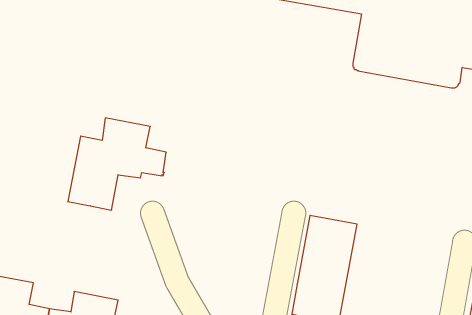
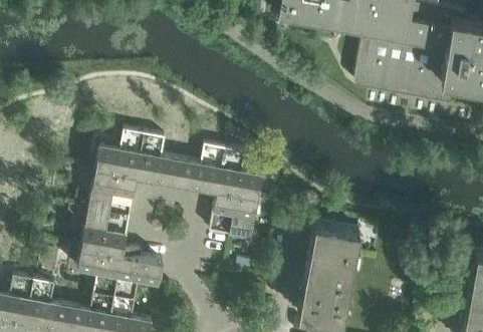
building: none -> [177,144,262,238]
building: none -> [77,208,164,300]

